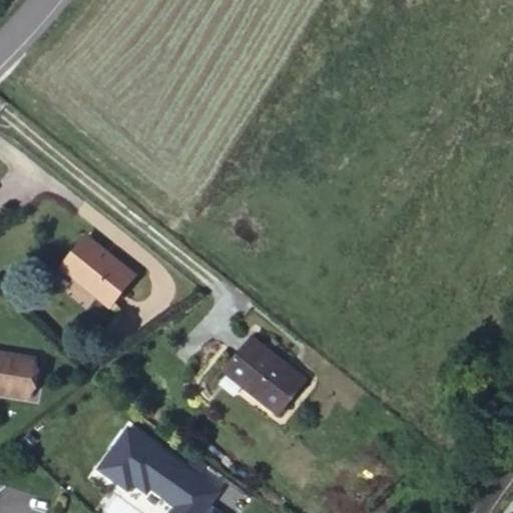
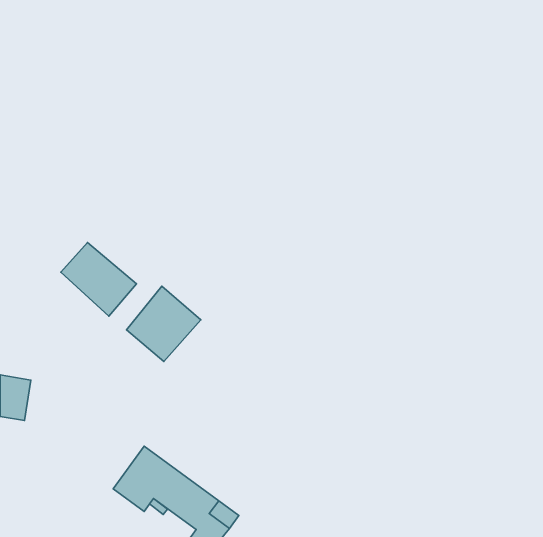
building: none -> [126,286,201,361]
building: [223,341,302,414] -> none

